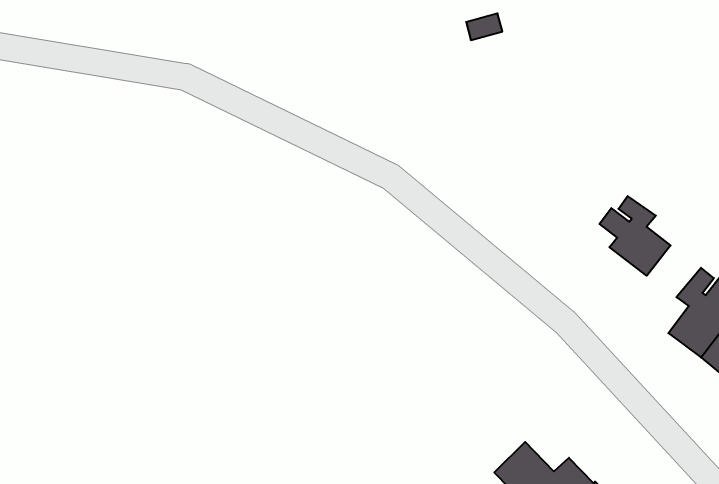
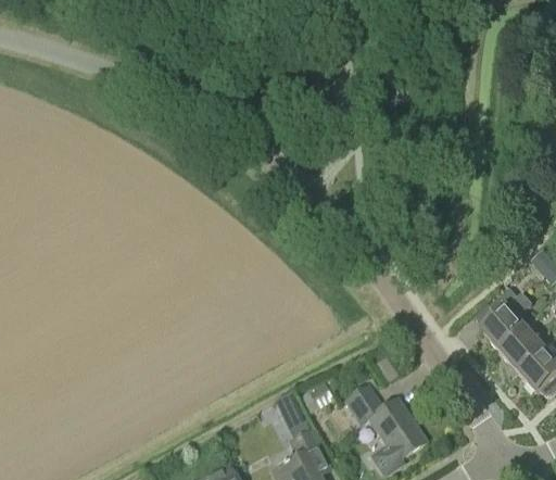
building: [599,196,671,276] -> none

